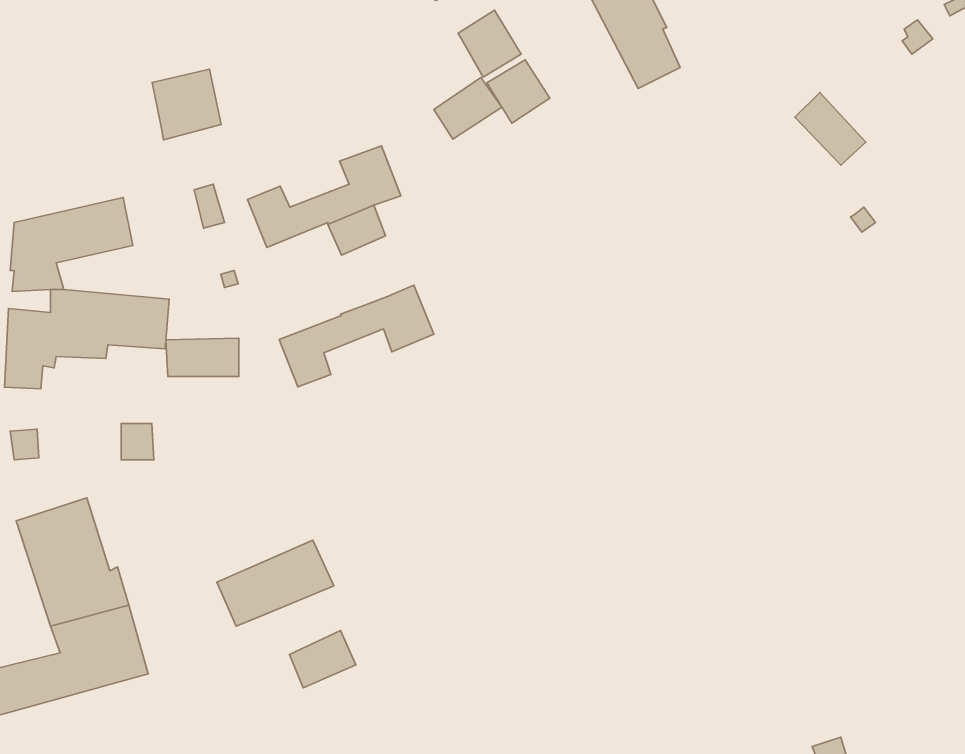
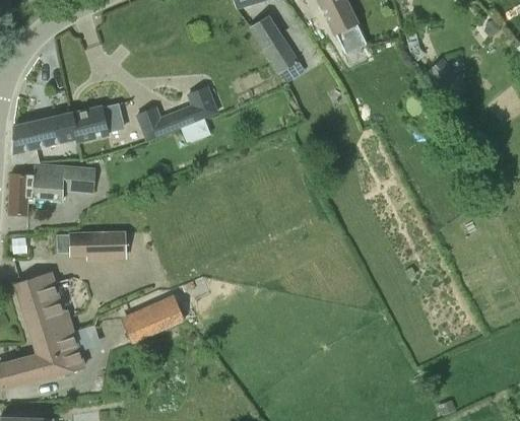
building: [152,69,221,140] -> [71,107,108,144]
building: [434,77,502,139] -> none
building: [279,285,434,387] -> none
building: [166,338,239,376] -> [86,232,125,253]
building: [289,630,356,688] -> none

